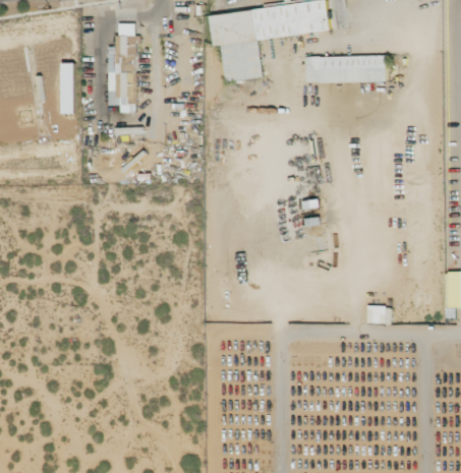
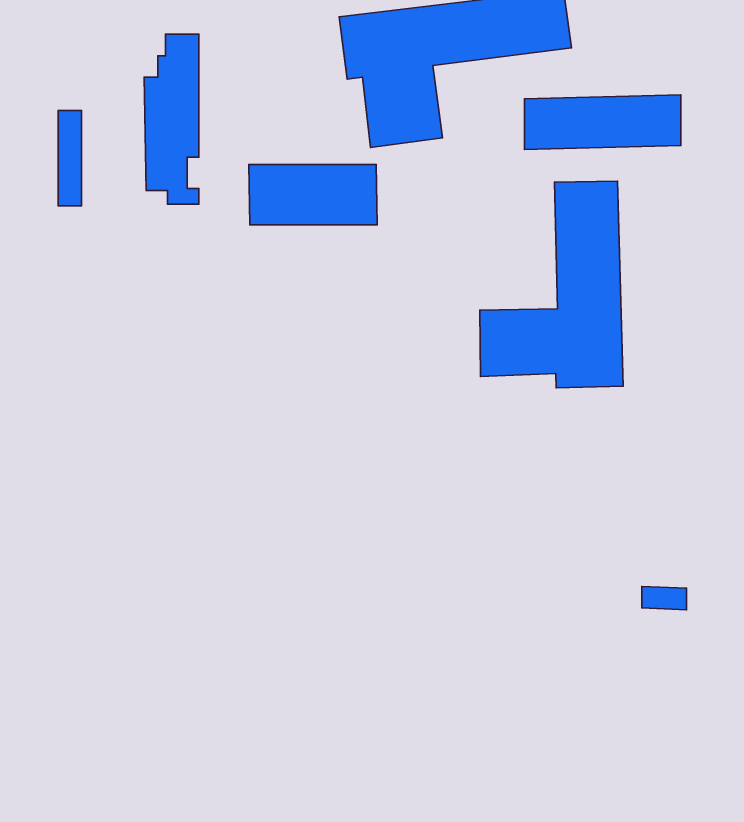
building: none -> [249,164,377,225]
building: none -> [480,181,623,388]

